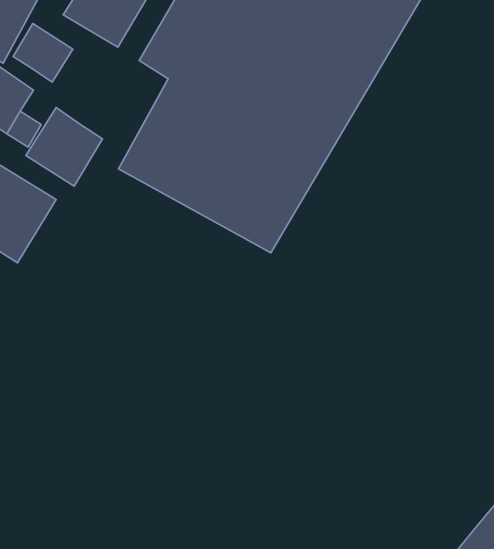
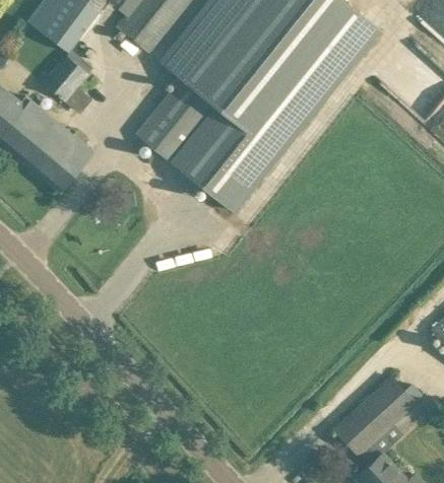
building: [13,24,73,82] -> none
building: [26,107,103,186] -> none

